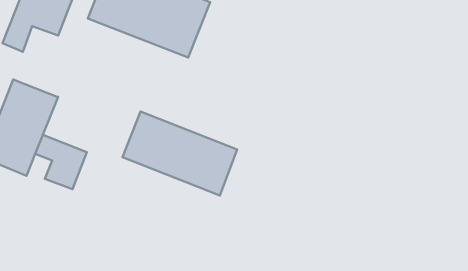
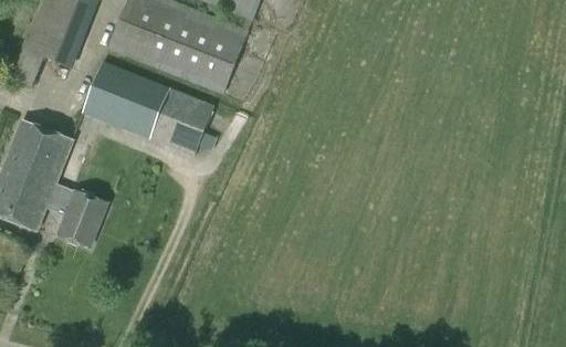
building: [122,111,237,195] -> [81,60,213,157]

